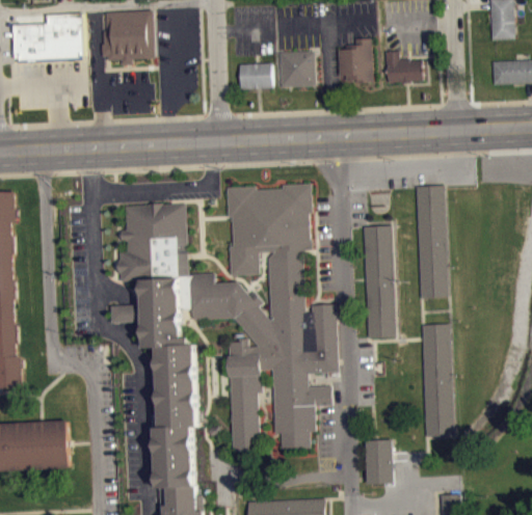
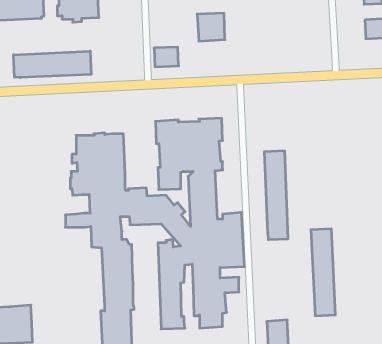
building: [337,39,373,83] -> none
building: [384,52,422,83] -> none
building: [241,63,272,88] -> [154,47,179,67]
building: none -> [14,51,91,78]
building: [415,186,449,298] -> none

